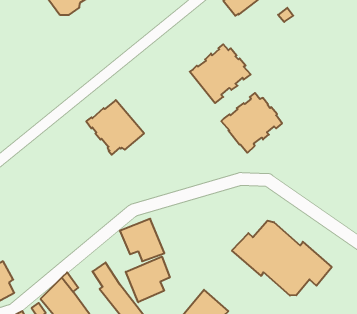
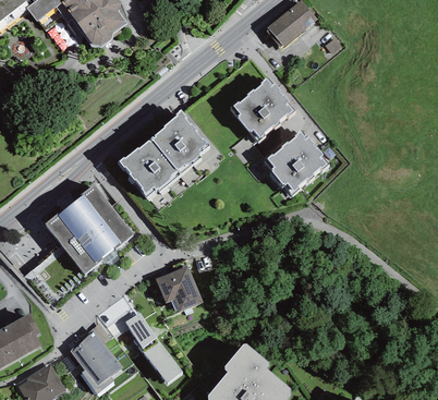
building: none -> [150,109,209,174]
building: none -> [45,184,134,274]
building: [232,221,332,296] -> none
building: [126,257,170,302] -> none

